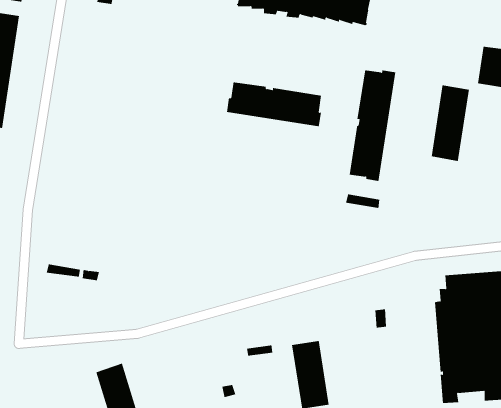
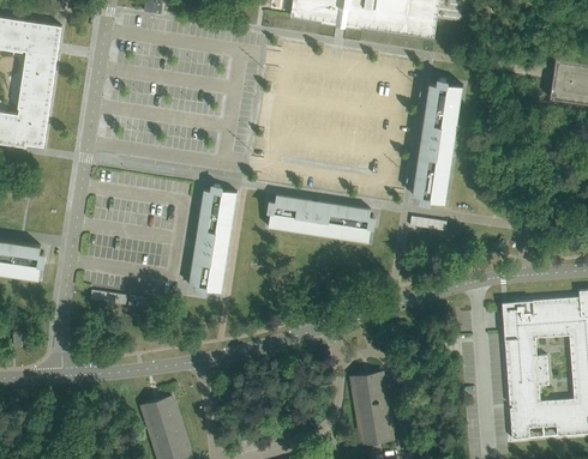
building: [226,82,322,127] -> [268,195,370,243]
building: [431,84,469,162] -> none
building: none -> [188,191,236,292]

